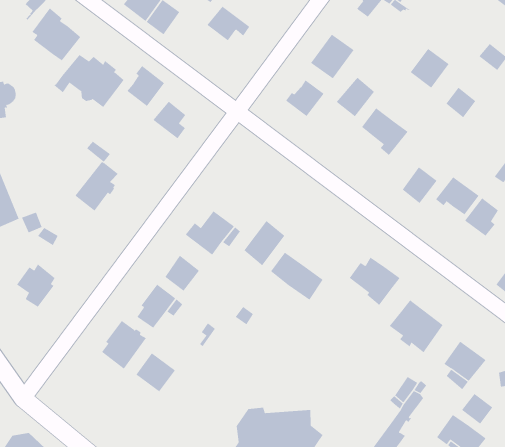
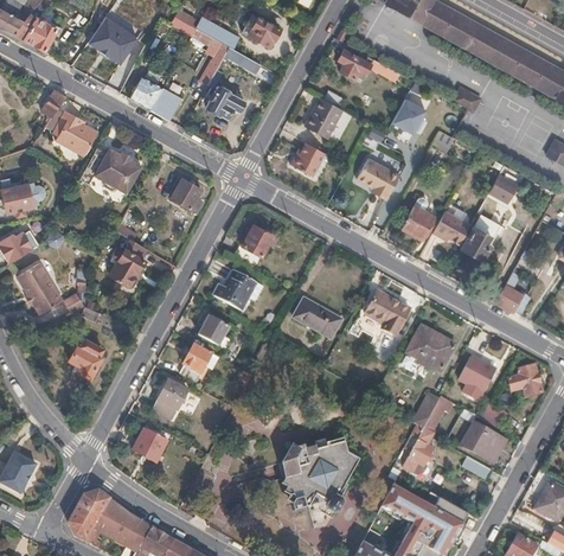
building: [127,65,165,107] -> none
building: [336,77,375,117] -> none
building: [244,220,285,266] -> [236,223,271,264]
building: [135,353,176,392] -> [132,428,167,462]

